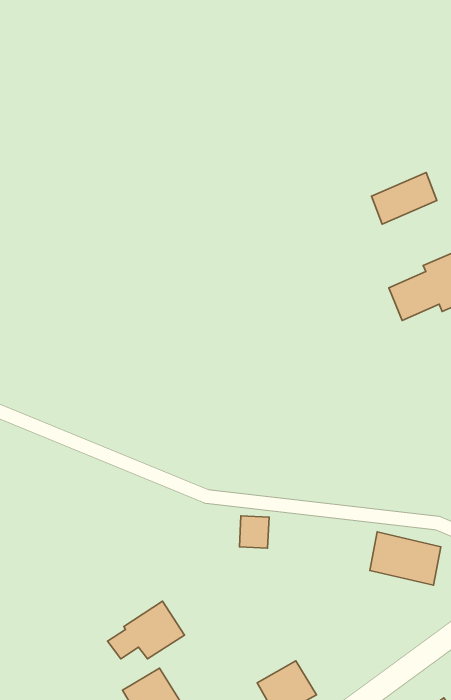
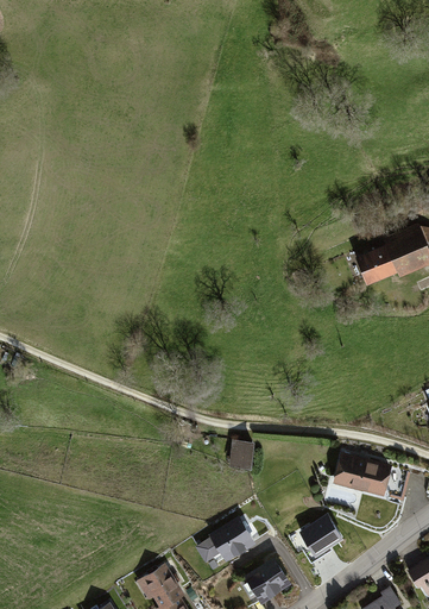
building: [372,173,437,224] -> none
building: [108,601,185,659] -> [195,515,257,561]
building: none -> [295,516,341,561]

